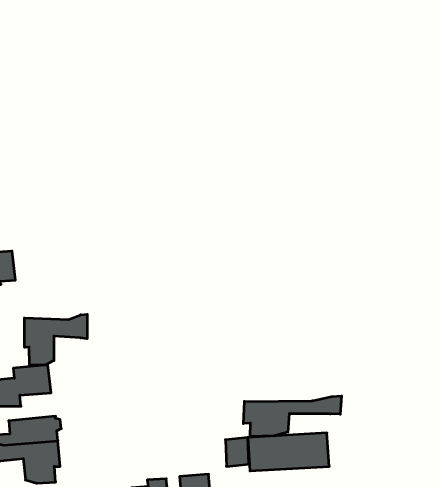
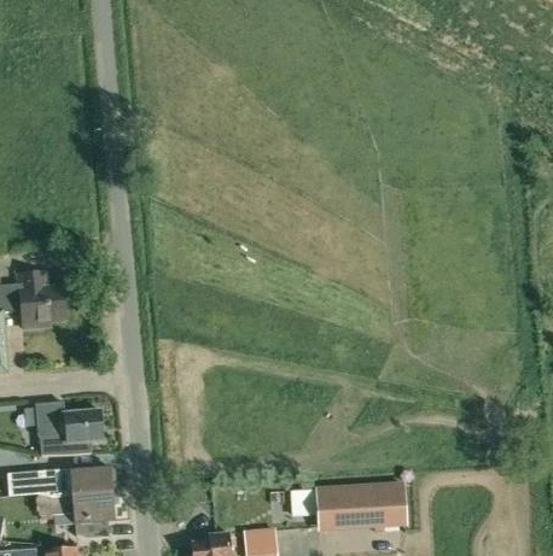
building: [24,314,87,365] -> none
building: [243,396,342,437] -> none

